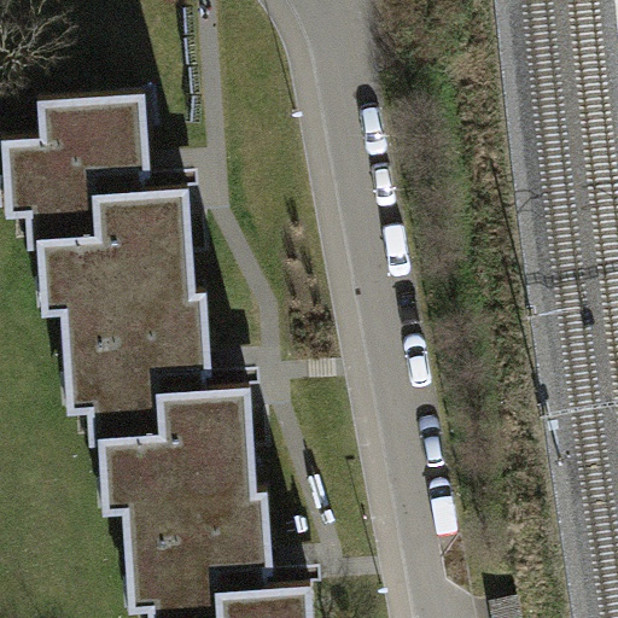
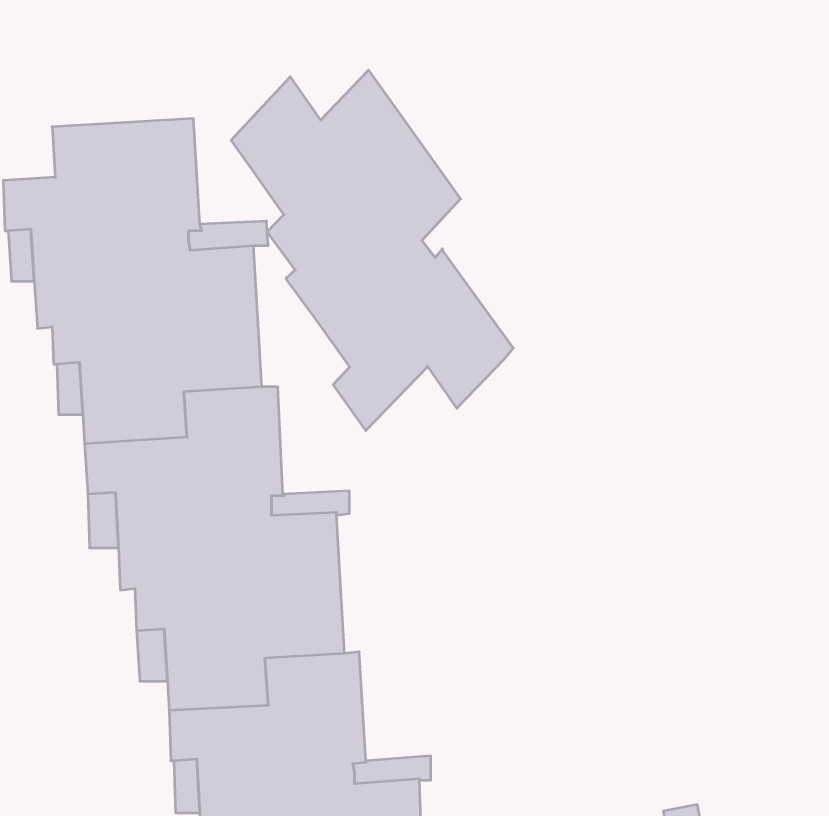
building: none -> [231,70,513,431]

